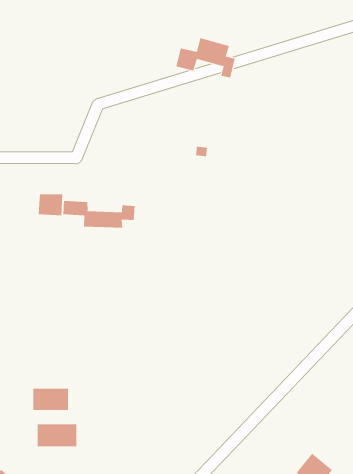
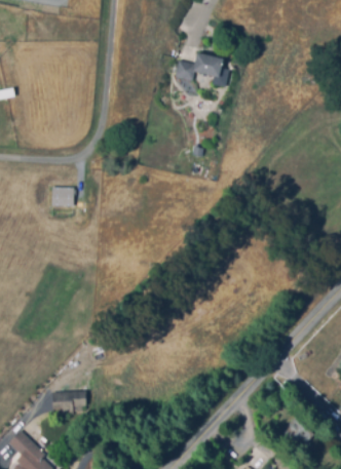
building: [63,200,135,229] -> none
building: [33,388,68,411] -> none

